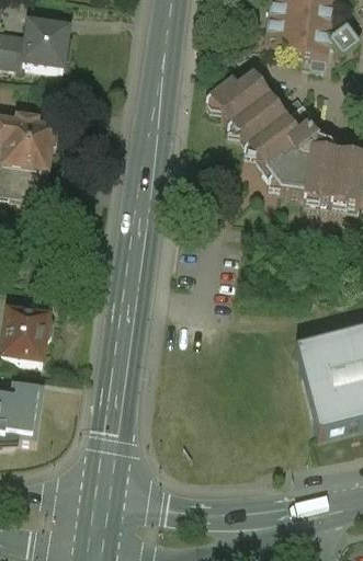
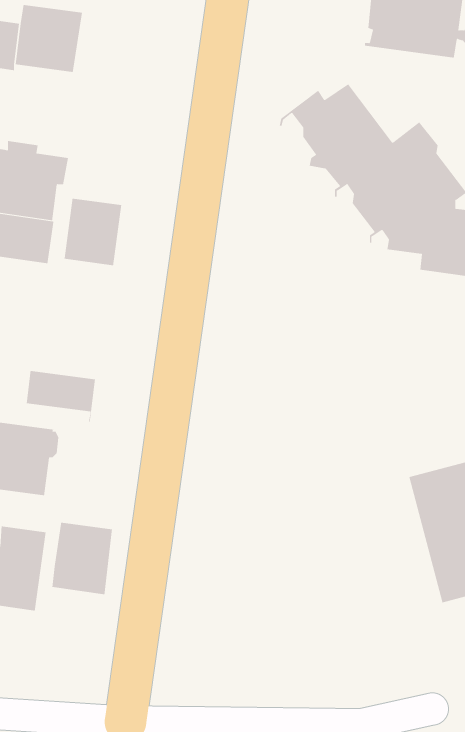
building: none -> [49,198,122,266]
building: none -> [26,370,96,422]
building: none -> [52,522,113,595]

